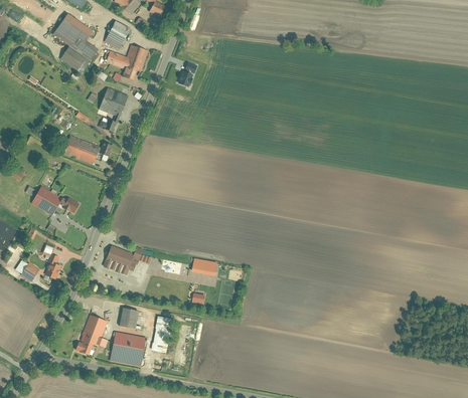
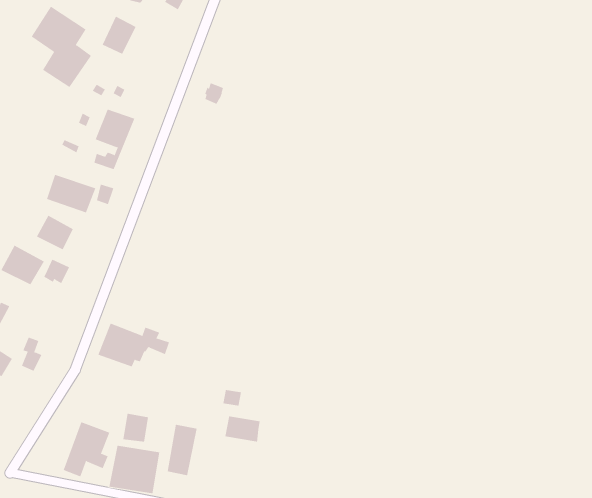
building: [105,44,148,80] -> none
building: none -> [36,215,73,250]
building: [191,259,217,278] -> [224,416,261,442]

